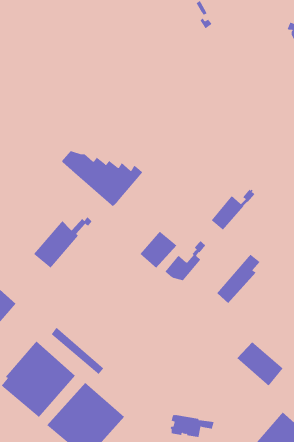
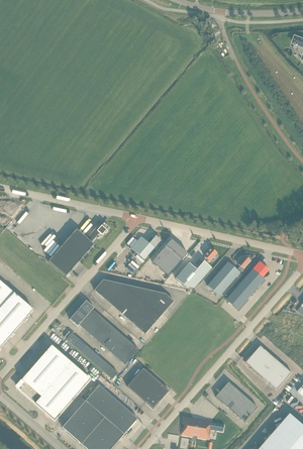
building: [61,151,143,207] -> [94,278,174,333]
building: [211,189,256,231] -> [207,254,250,295]
building: none -> [130,234,161,258]
building: none -> [70,300,138,363]
building: none -> [126,366,169,407]
building: none -> [215,380,258,421]

